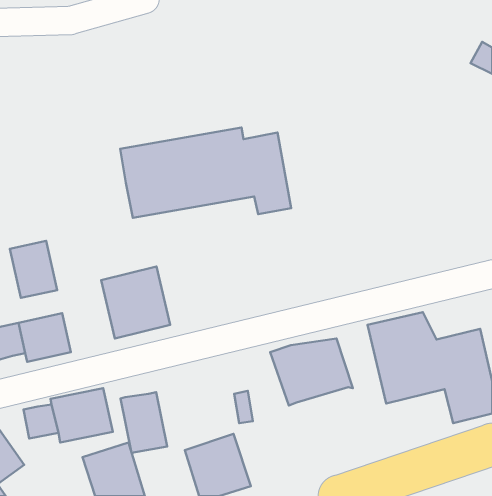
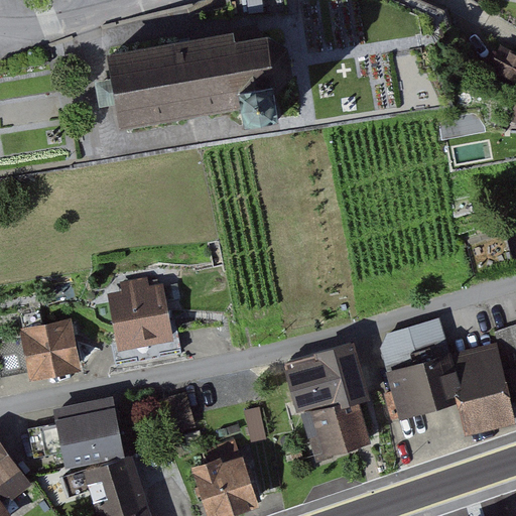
building: [120,127,291,218] -> [107,34,284,128]
building: [10,241,57,298] -> none
building: none -> [307,401,373,459]
building: [120,392,167,453] -> none

